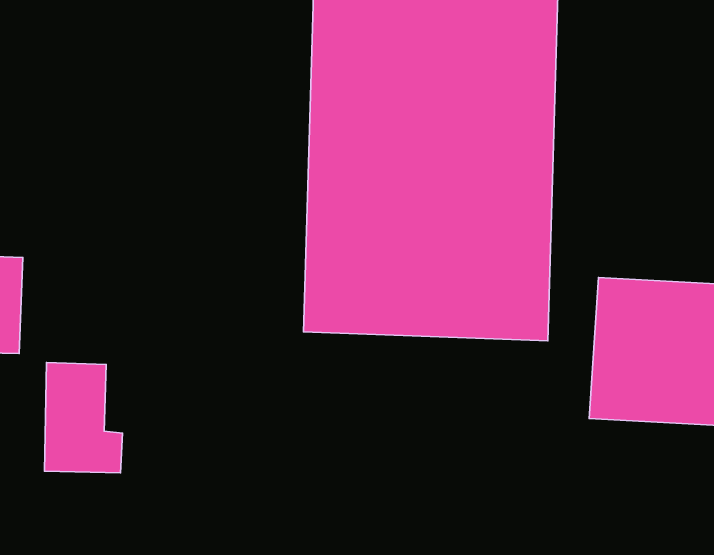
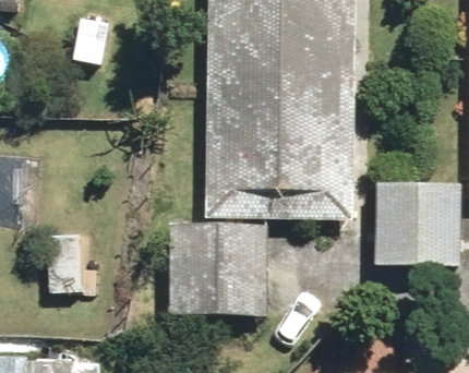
building: none -> [165,221,266,316]

